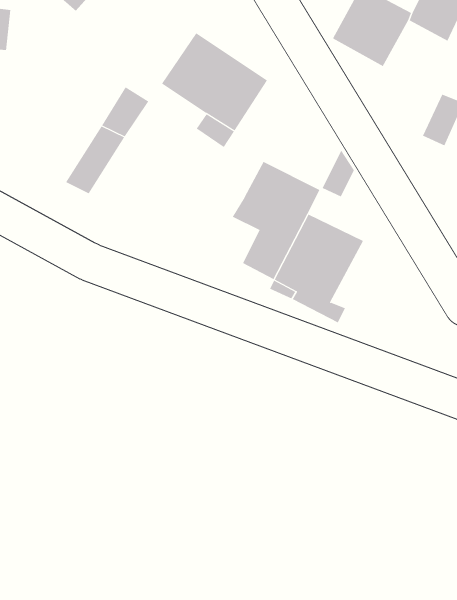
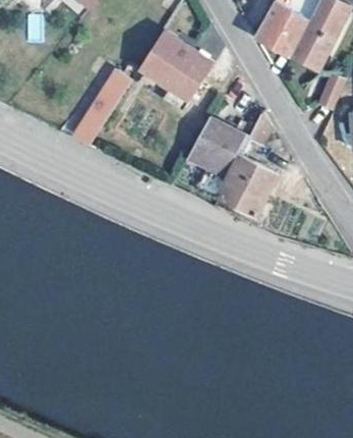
building: none -> [291,22,335,68]

